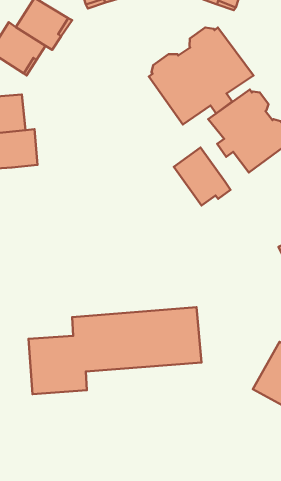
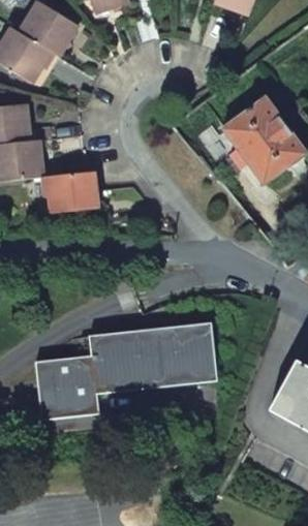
building: [149,27,253,124] -> none
building: [174,148,230,206] -> none
building: none -> [43,171,98,212]

